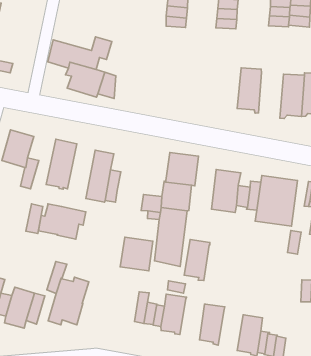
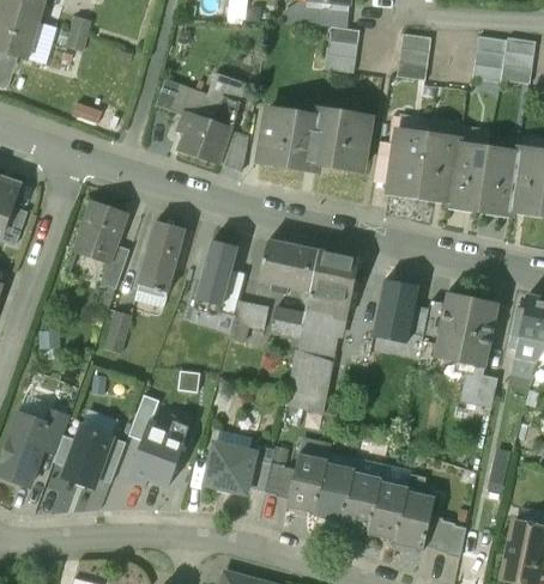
building: none -> [259,109,369,171]
building: none -> [388,132,428,194]
building: none -> [448,145,488,212]
building: none -> [259,239,318,293]
building: none -> [232,299,268,329]
building: [38,204,86,239] -> none
building: [120,237,153,271] -> [205,443,254,493]
building: [184,240,210,281] -> [314,461,353,521]
building: none -> [368,480,407,540]

